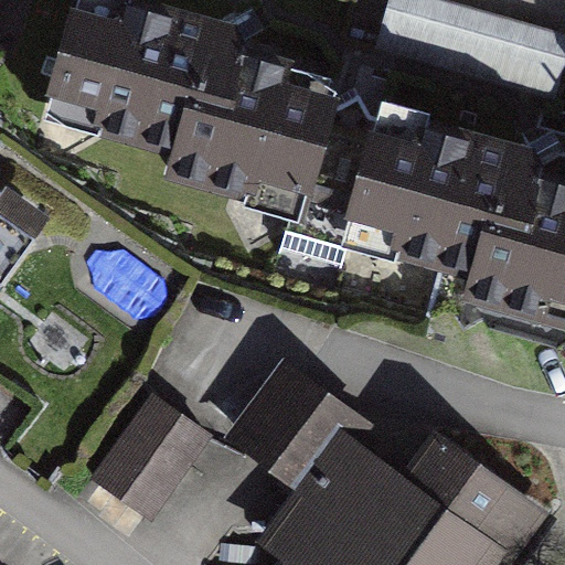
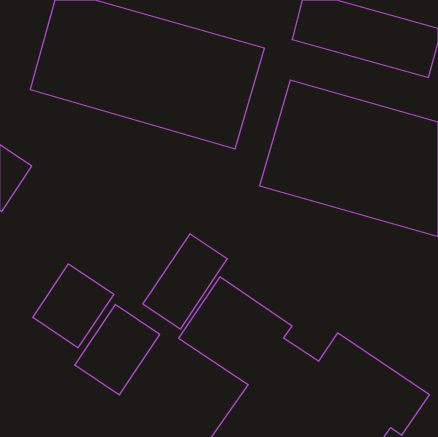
building: none -> [143,234,227,329]
building: none -> [33,264,114,348]

